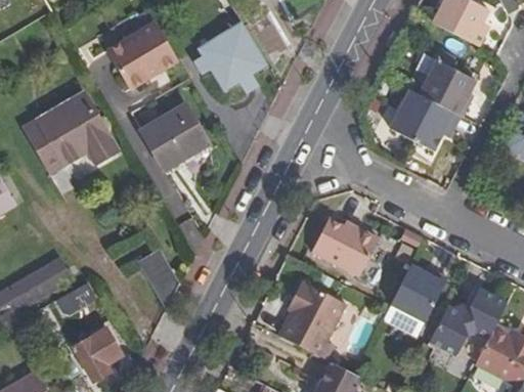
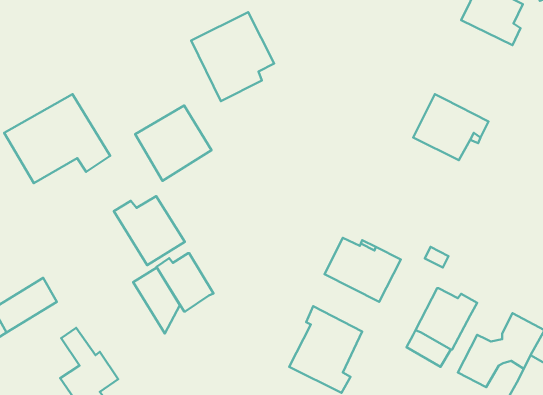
building: [106,18,179,88] -> none
building: [418,52,475,118] -> none
building: none -> [114,196,185,265]
building: none -> [156,253,213,311]

